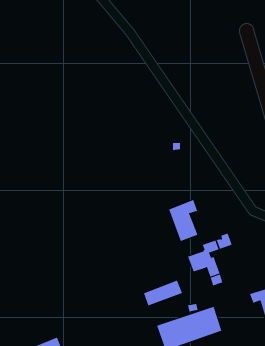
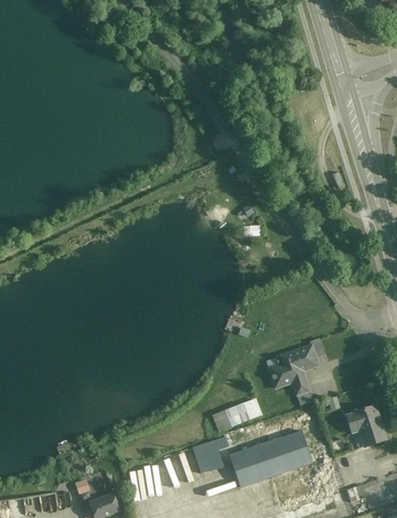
building: [168,199,198,242] -> none
building: none -> [193,441,223,473]

